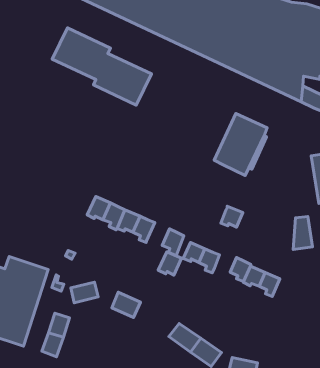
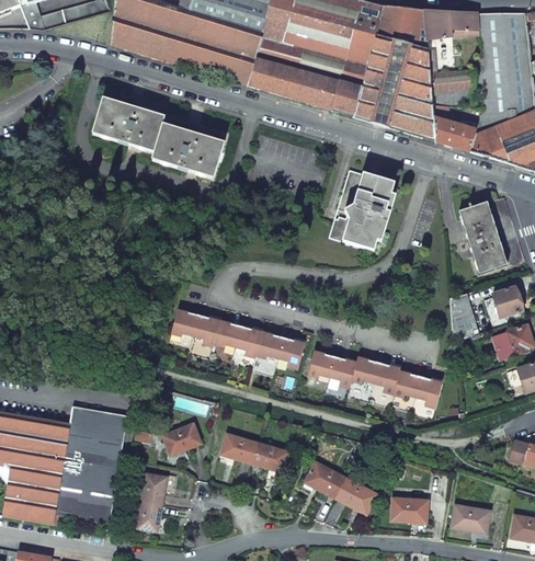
building: [221,206,243,227] -> [351,356,378,382]
building: [158,252,181,275] -> [254,331,283,360]
building: none -> [252,440,289,471]

